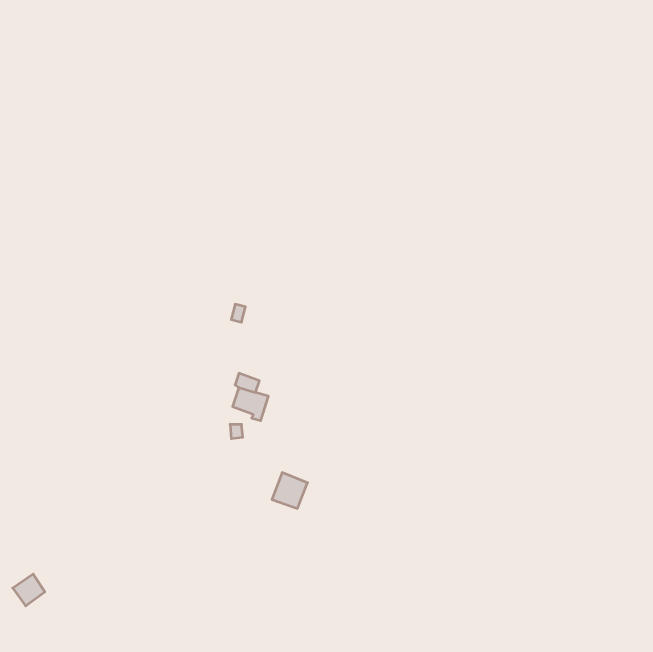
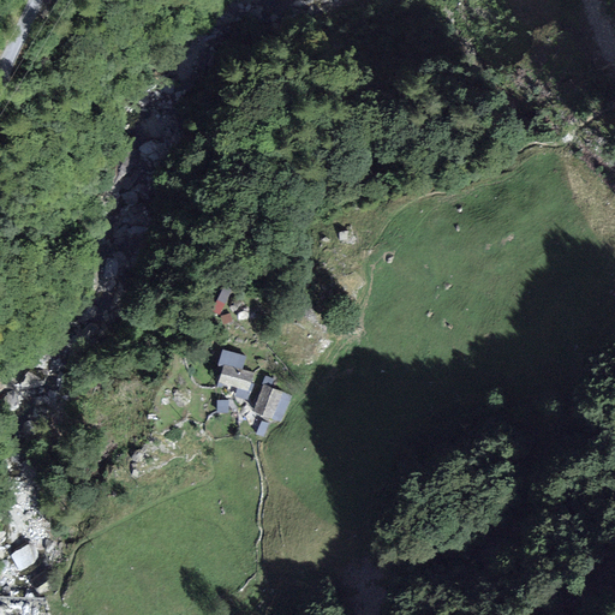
building: [272,473,308,508] -> [255,384,288,418]

